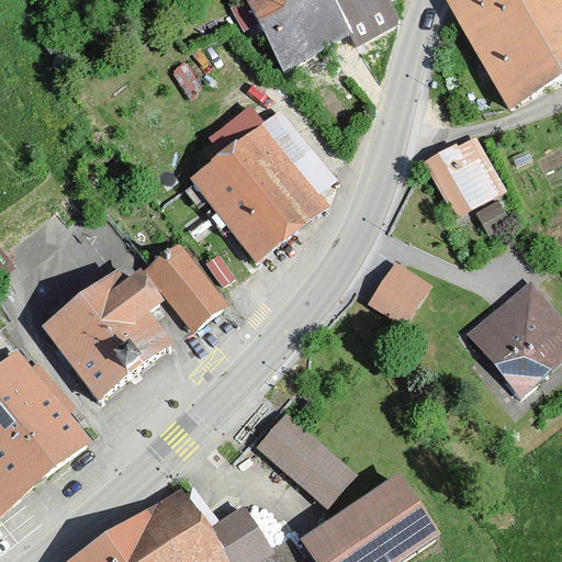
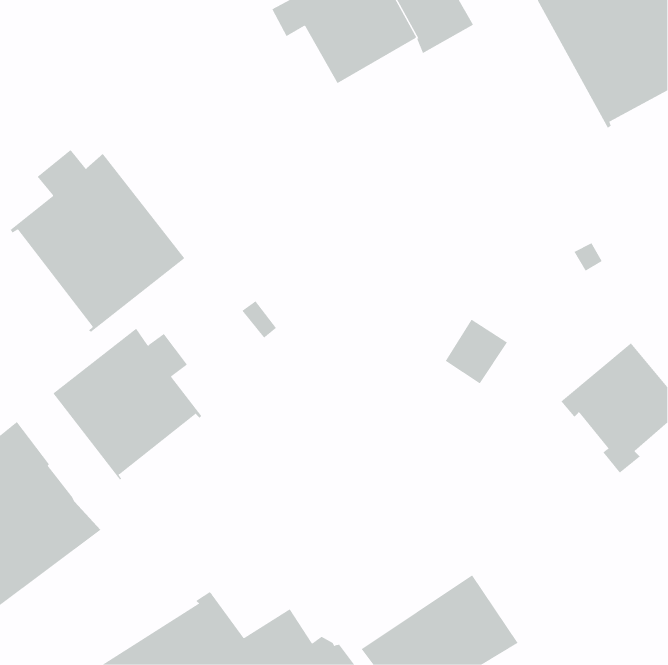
building: [192,108,328,263] -> none
building: none -> [10,149,185,333]
building: [427,142,498,212] -> none
building: [147,247,222,329] -> none
building: [258,417,351,505] -> none

